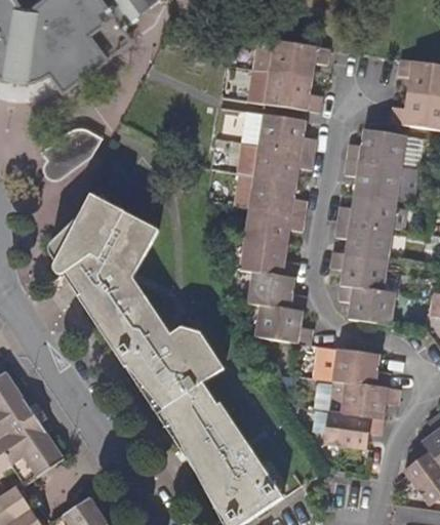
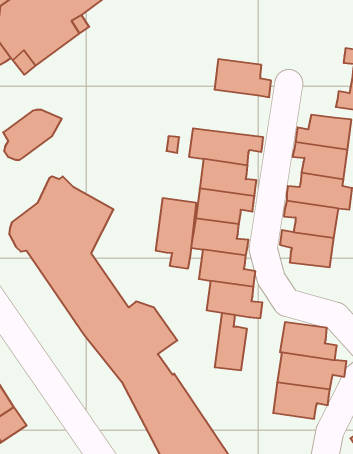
building: [250,39,327,79] -> none
building: [239,113,315,155] -> none
building: none -> [156,198,196,269]
building: [337,286,395,325] -> none
building: none -> [215,313,247,370]

